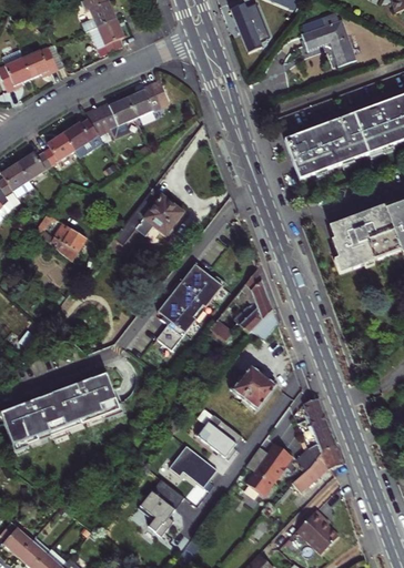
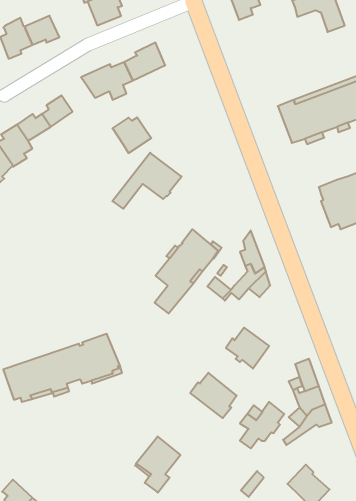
building: [63,119,103,155] -> [112,118,151,153]
building: [38,213,89,261] -> none
building: [170,447,219,489] -> none

